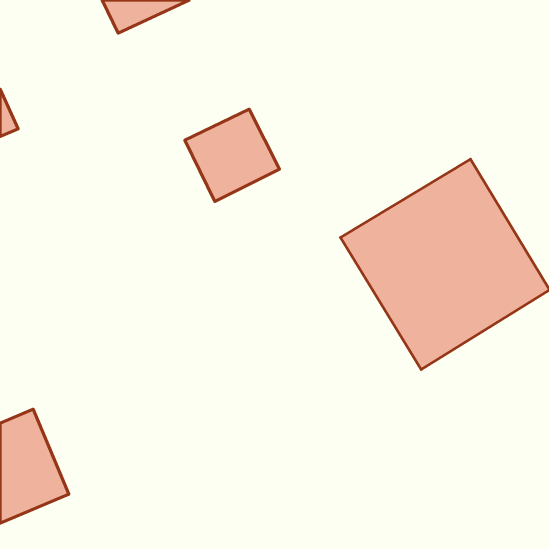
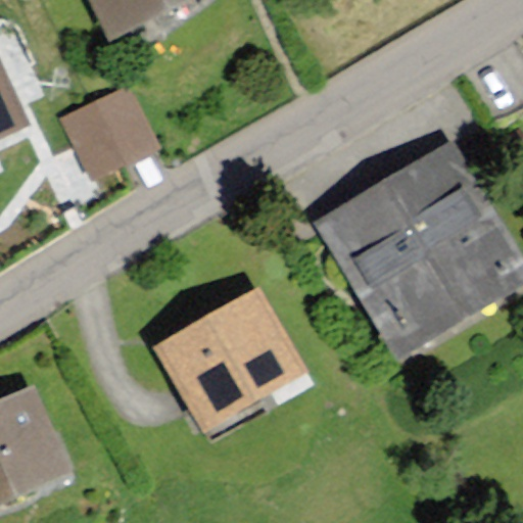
building: [185,109,279,201] -> [66,91,156,179]
building: none -> [167,301,295,422]

